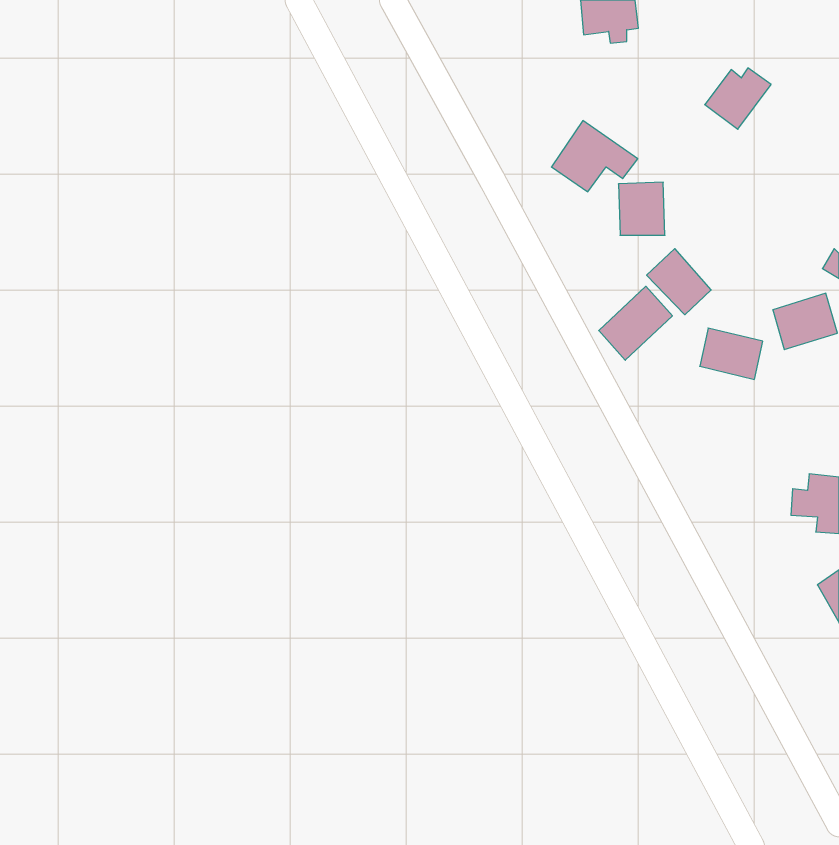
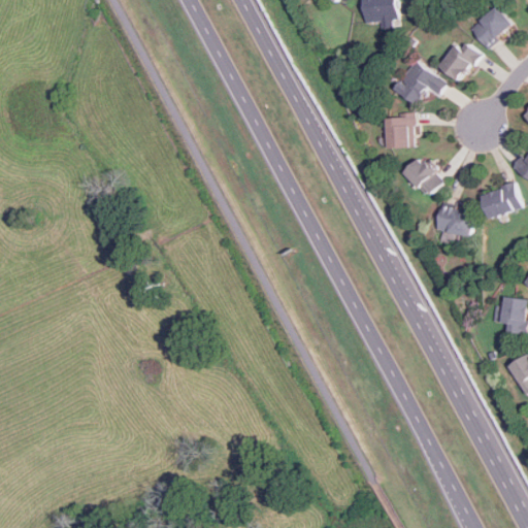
building: none -> [469,5,513,47]
building: [551,121,638,192] -> [393,60,447,104]
building: [599,286,672,360] -> none

